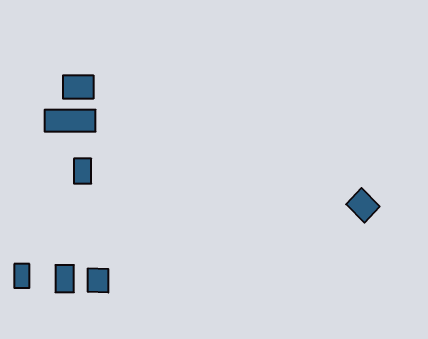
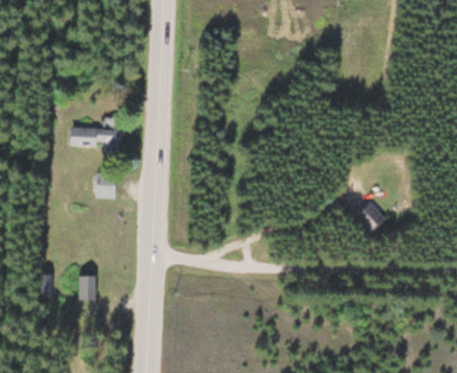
building: [63,75,93,99] -> none
building: [88,268,108,293] -> none

